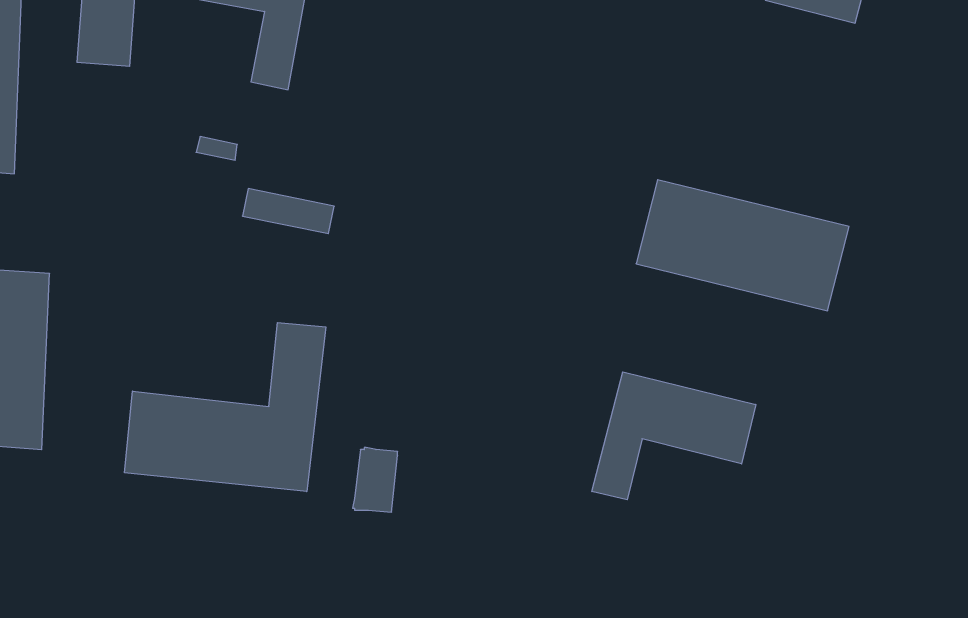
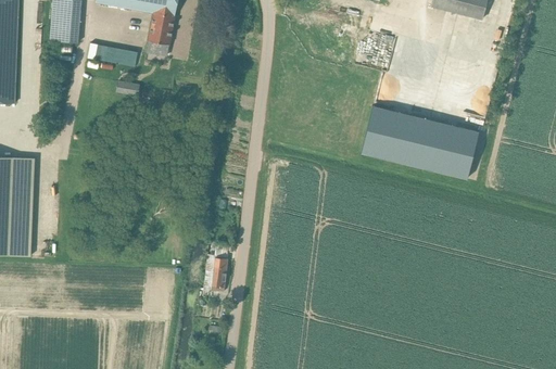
building: [242,189,334,234] -> [87,42,138,67]
building: [125,323,326,492] -> none
building: [592,372,756,500] -> none

